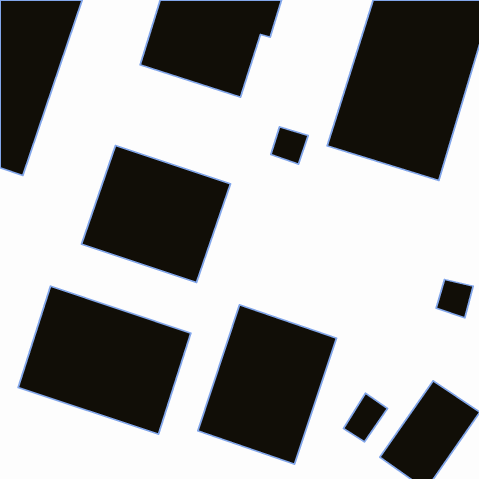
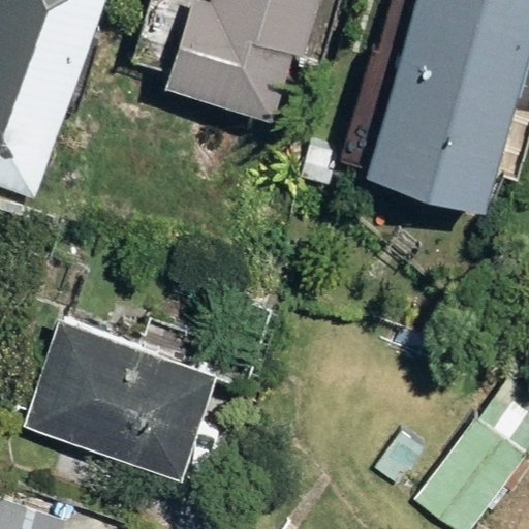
building: [81,145,230,282] -> none
building: [198,305,336,464] -> none

